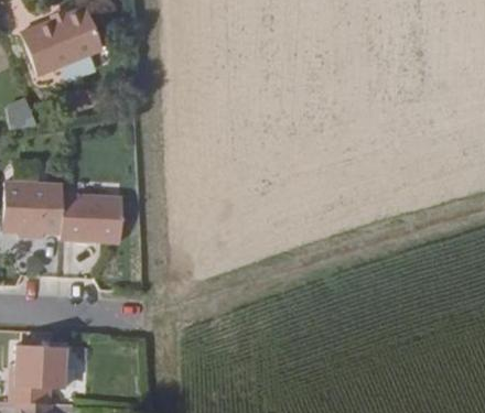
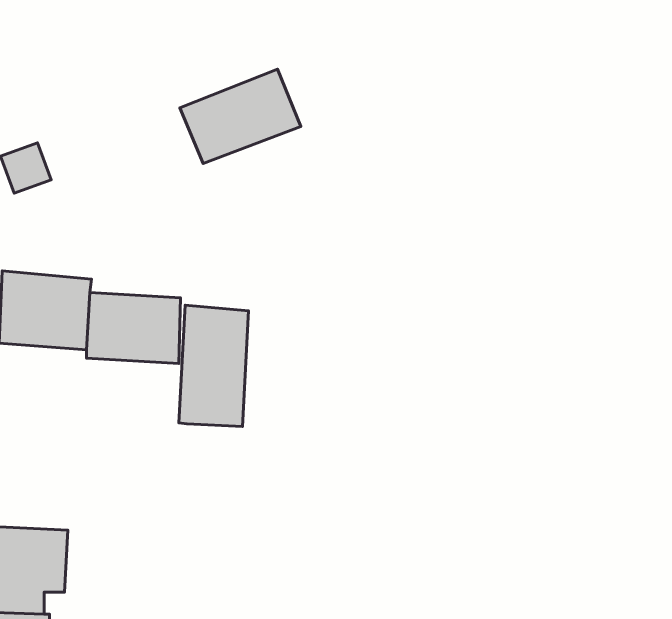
building: [30,11,109,73] -> [180,69,301,163]
building: none -> [179,305,249,426]

